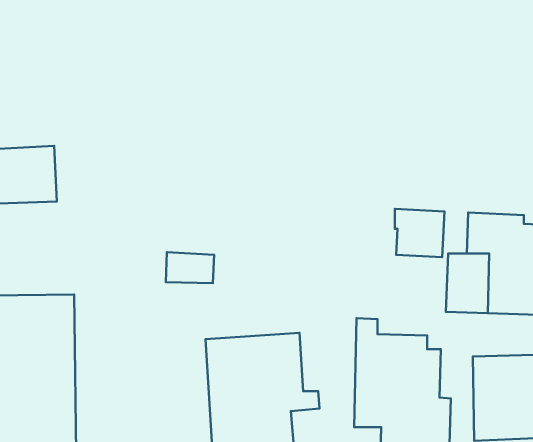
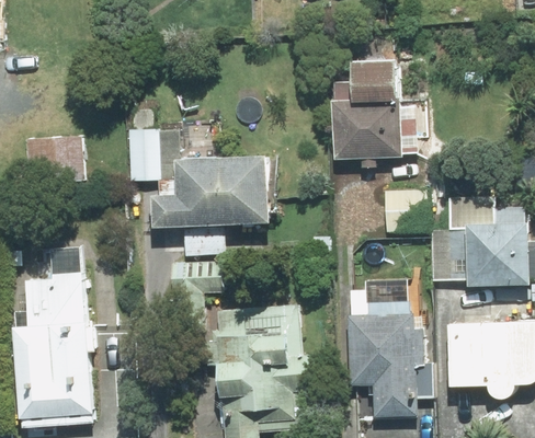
building: none -> [331,48,419,158]
building: none -> [127,116,274,223]

